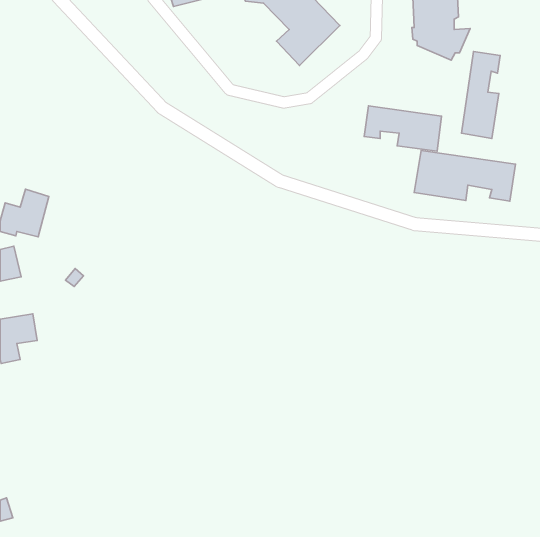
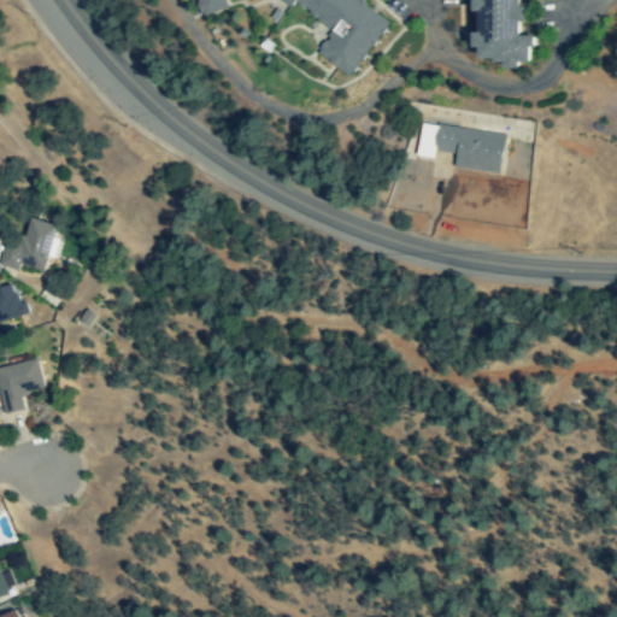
building: [462,51,500,138] -> none
building: [414,151,515,201] -> none

